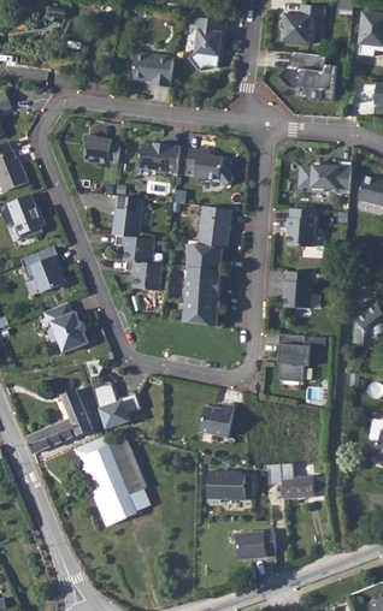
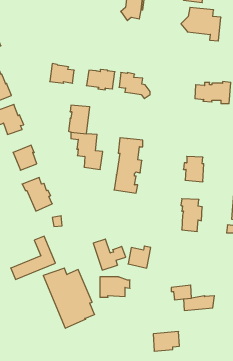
building: [132,52,172,87] -> none
building: [198,206,230,248] -> none
building: [285,207,314,245] -> none
building: [92,381,140,427] -> [93,239,126,270]
building: [207,470,252,500] -> [100,277,130,297]

